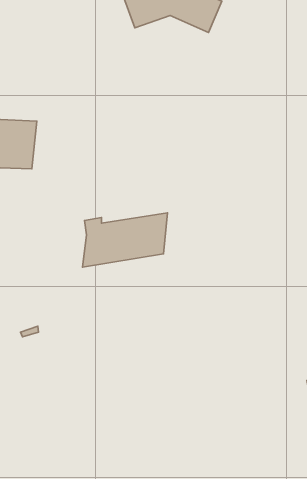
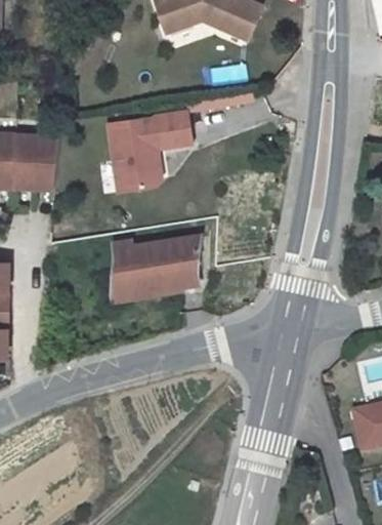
building: none -> [109,110,193,191]

